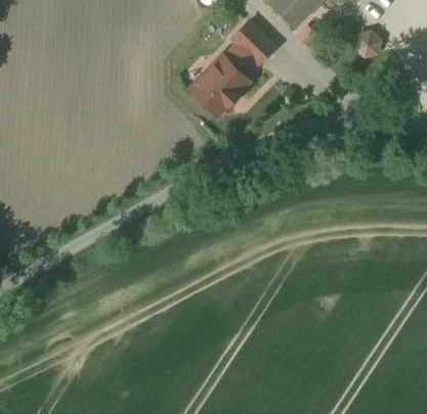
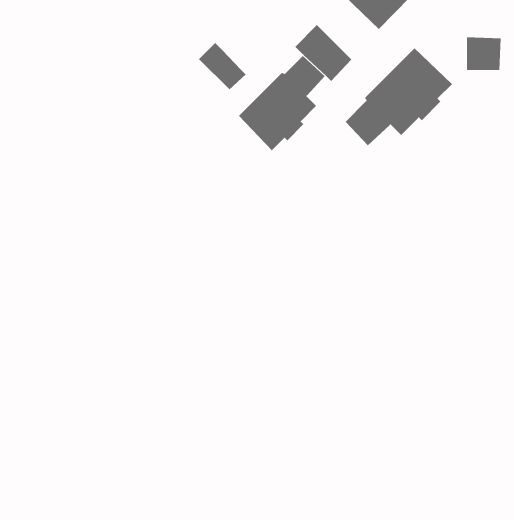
building: none -> [198,42,246,90]
building: none -> [345,47,453,146]

